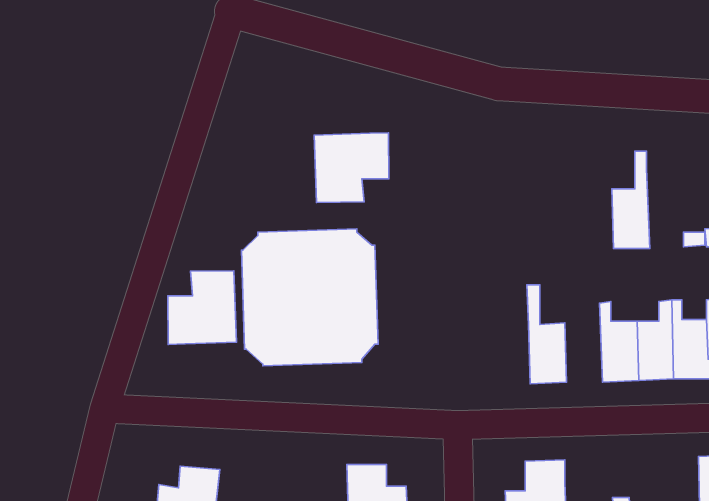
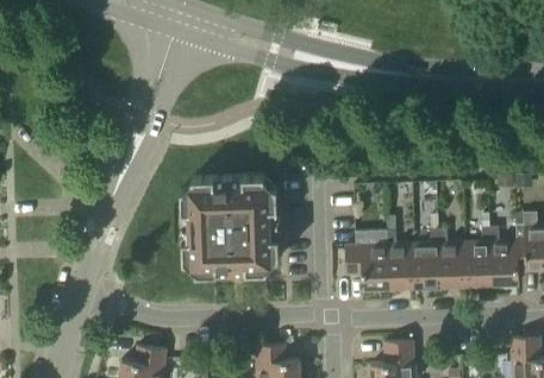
building: [314,133,389,203] -> none
building: [612,151,650,248] -> [413,216,440,286]
building: [168,271,236,345] -> none
building: none -> [344,245,388,289]

